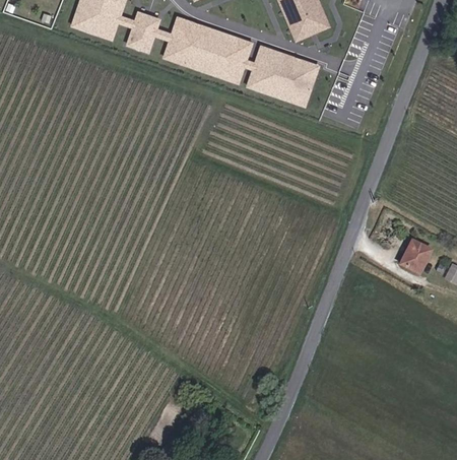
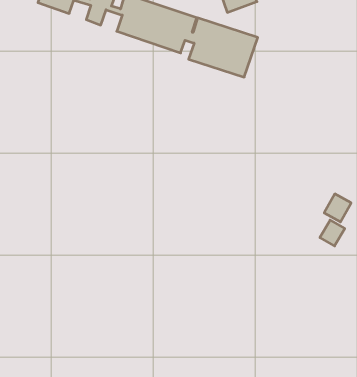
building: none -> [320,220,345,246]

